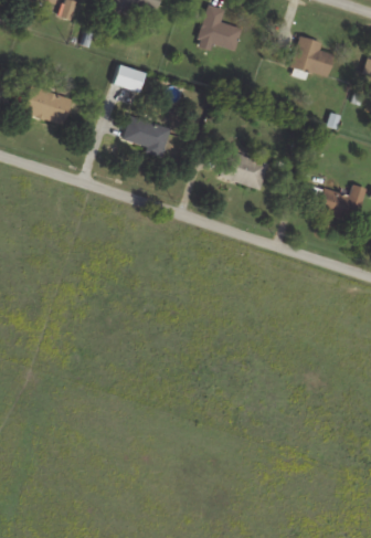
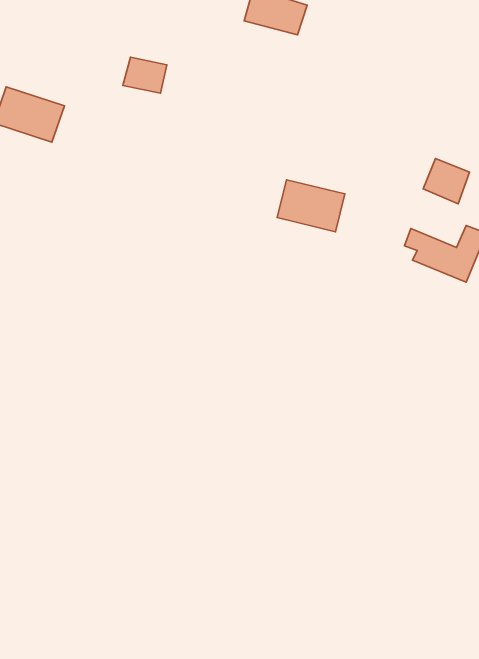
building: [290,36,333,77] -> none
building: [123,115,171,155] -> none
building: none -> [423,158,469,204]

